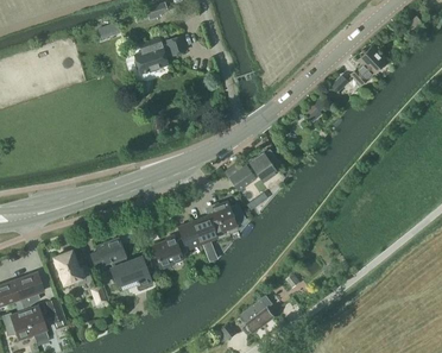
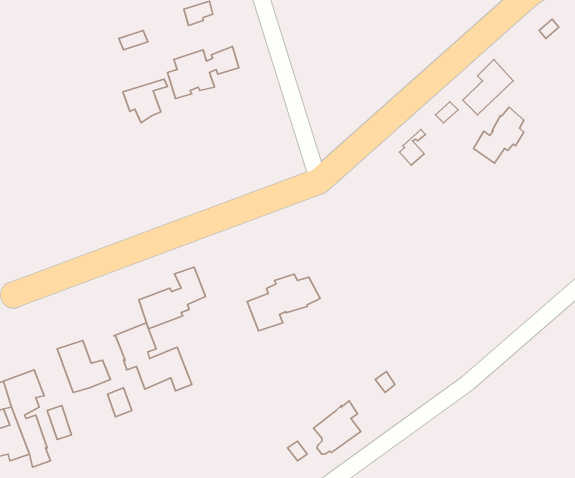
building: none -> [123,79,168,123]
building: none -> [473,107,524,163]
building: [223,149,279,191] -> none
building: [152,222,201,267] -> [139,267,205,329]

